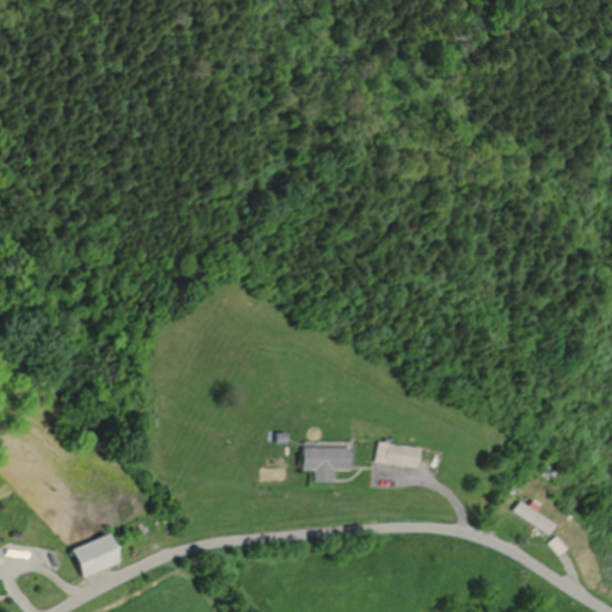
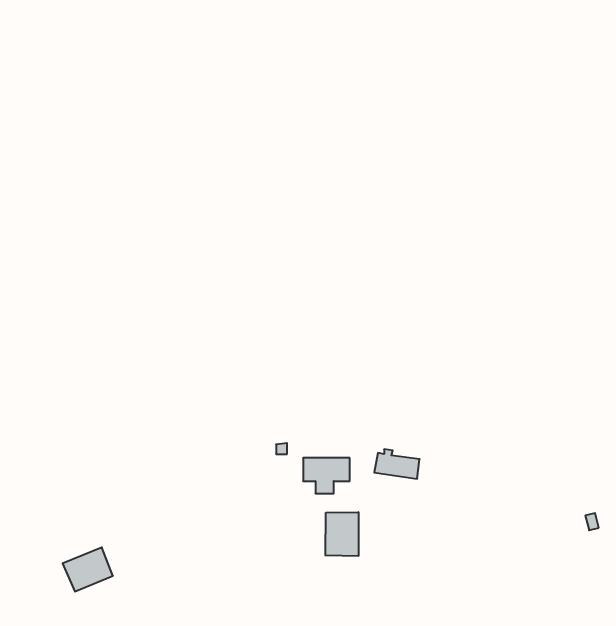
building: [515,498,558,533] -> none
building: none -> [325,512,358,556]

